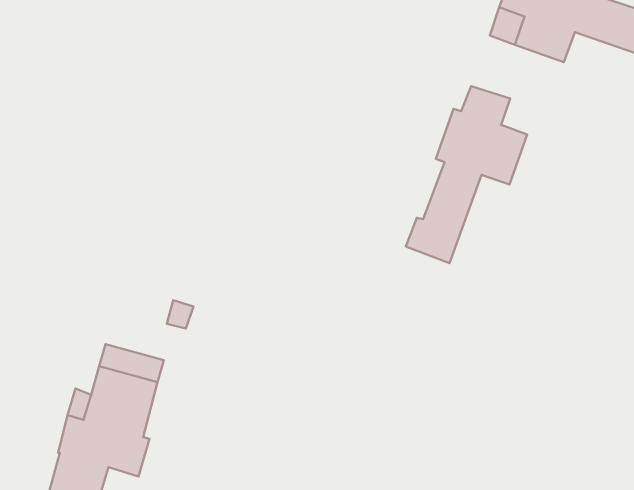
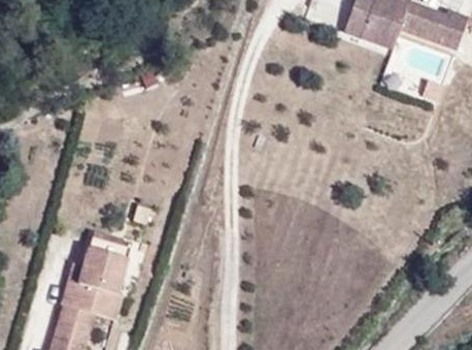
building: [406,86,527,263] -> none

